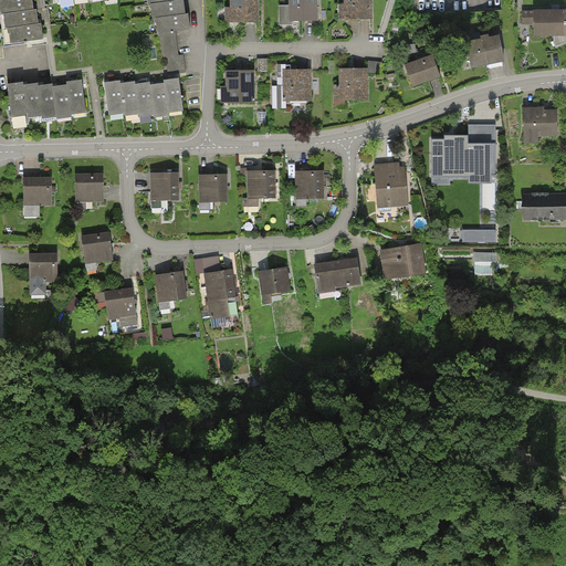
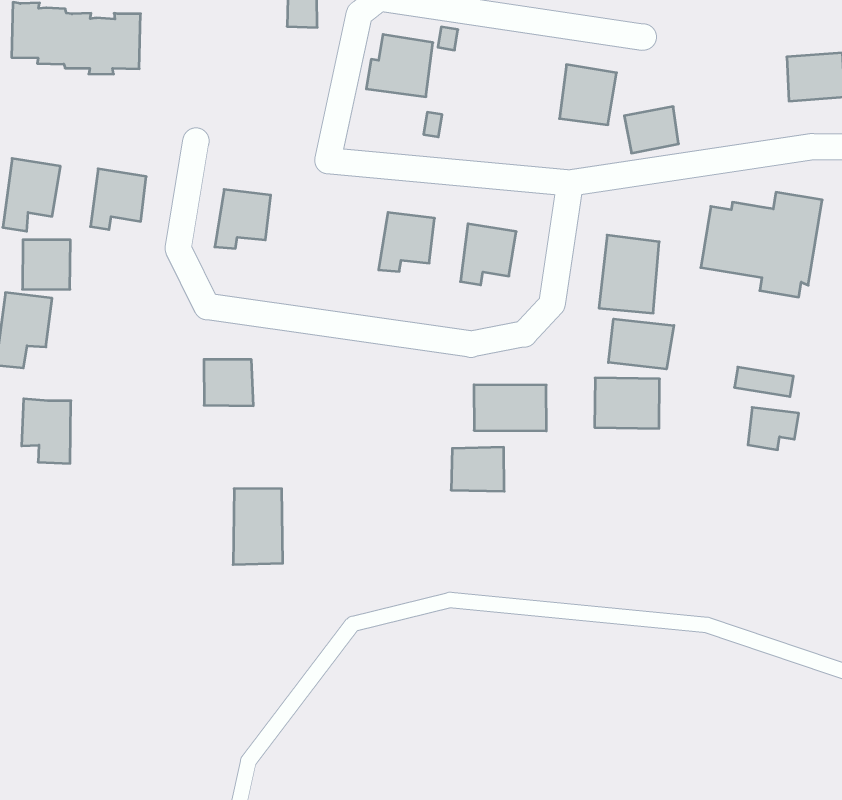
building: [402,55,437,86] -> [624,107,679,153]
building: [280,69,310,99] -> none
building: [106,77,184,116] -> none
building: [197,174,226,209] -> none
building: none -> [608,319,674,369]
building: [80,230,112,263] -> [22,240,70,289]
building: [255,265,290,295] -> [451,447,504,491]
building: [201,268,237,316] -> [233,489,283,565]
building: [107,286,140,325] -> [22,399,71,463]

